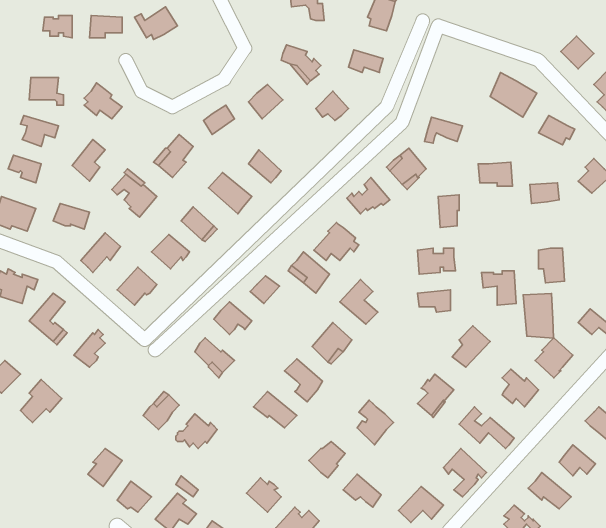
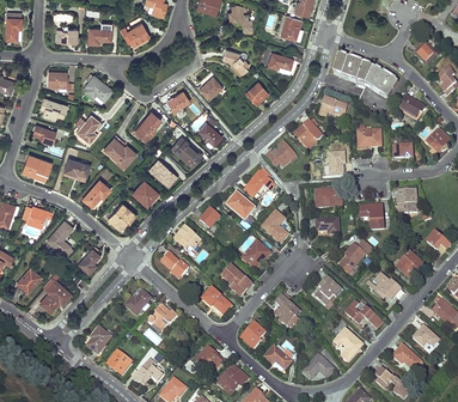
building: none -> [334,55,373,84]
building: [523,294,554,338] -> none

